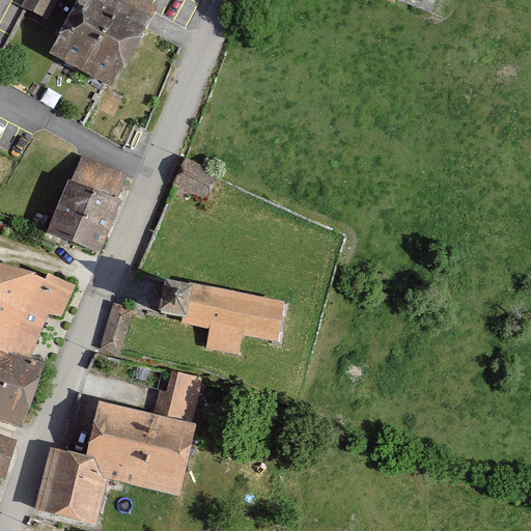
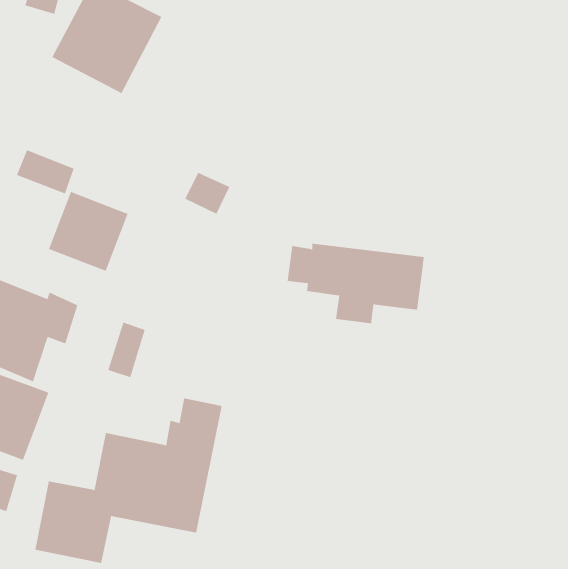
building: [71,156,124,197] -> [16,150,74,194]
building: [158,277,285,352] -> [287,243,425,324]

